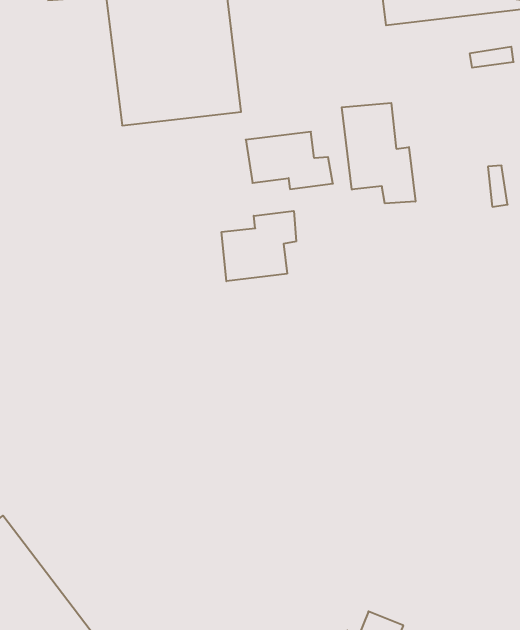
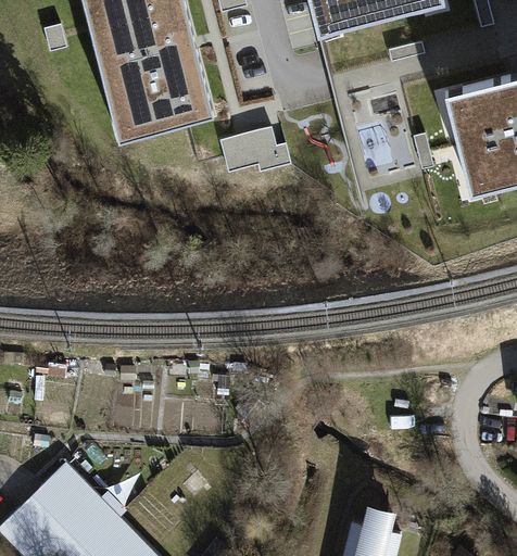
building: [342,103,415,203] -> none
building: [222,211,296,281] -> none

